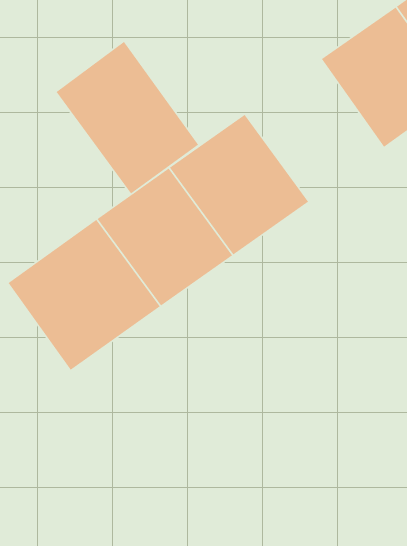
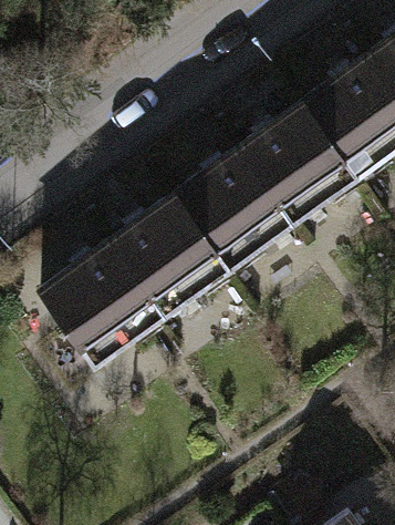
building: [55,41,199,195] -> none
building: none -> [240,103,357,224]

